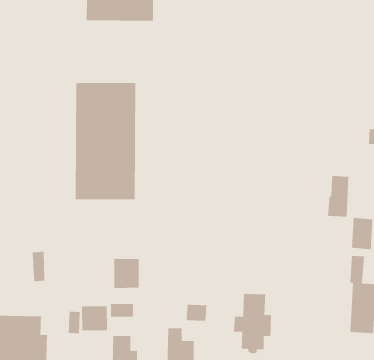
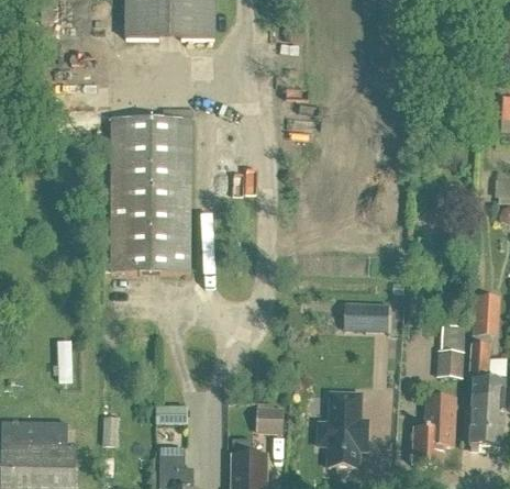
building: [327,175,349,217] -> [436,323,465,378]
building: none -> [337,299,384,329]
building: [113,258,139,289] -> none
building: none -> [412,394,456,465]
building: [81,306,108,331] -> none

